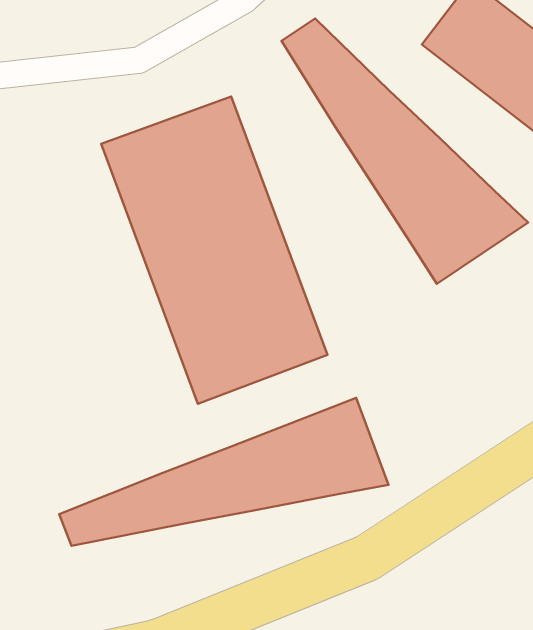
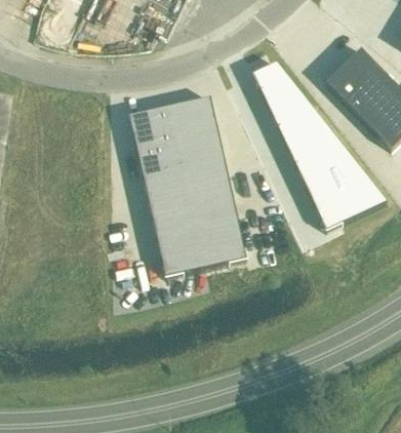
building: [59,398,388,546] -> none

